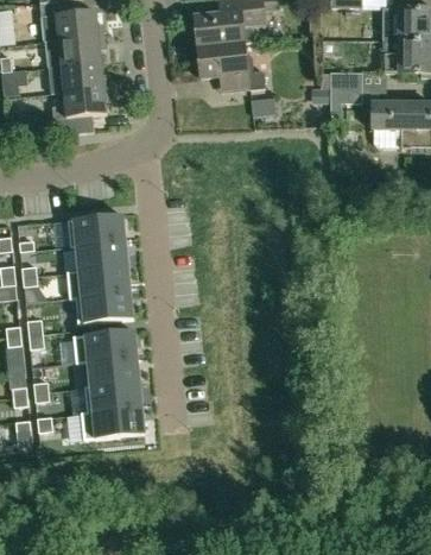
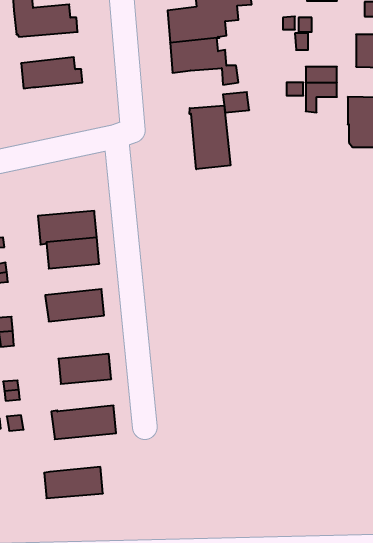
building: [47,36,107,67] -> none
building: [55,86,112,133] -> none
building: none -> [190,105,230,169]
building: [65,265,129,297] -> none
building: [72,328,137,361] -> none
building: [83,379,141,410] -> [44,467,103,498]

